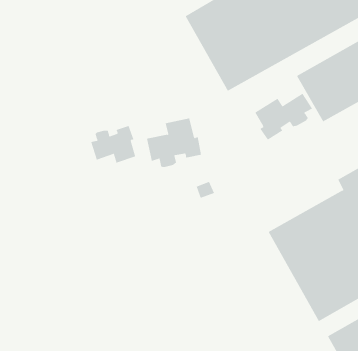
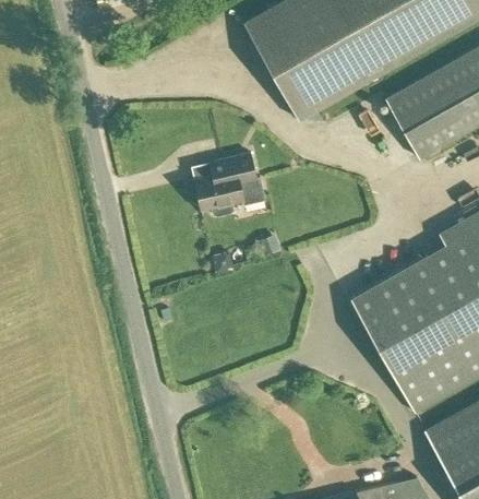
building: [254,93,313,140] -> none
building: [90,125,136,164] -> none

